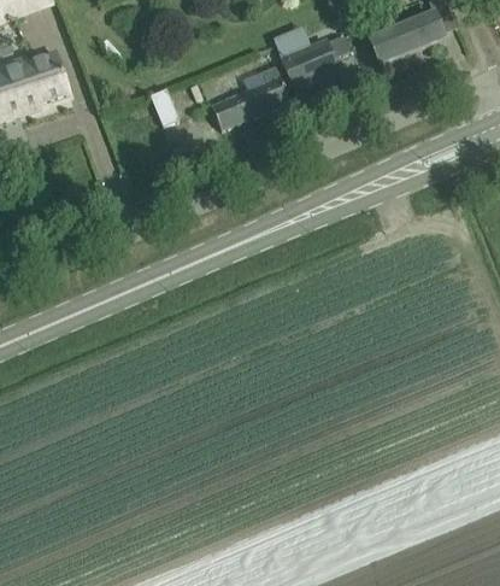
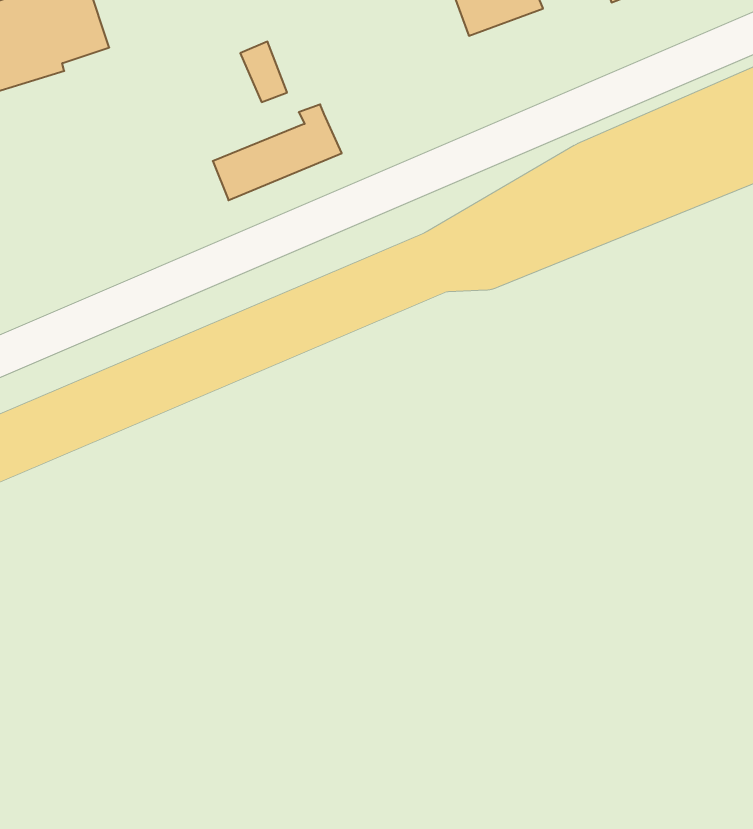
building: [212,68,292,127] -> [213,104,342,200]

